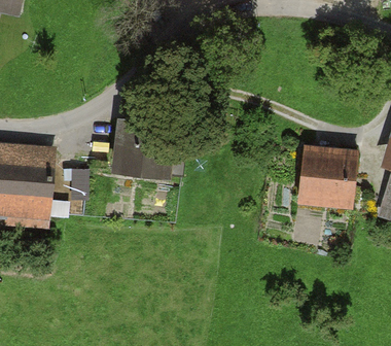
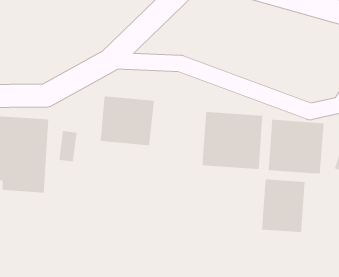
building: none -> [202,111,263,170]
building: none -> [261,178,305,233]

